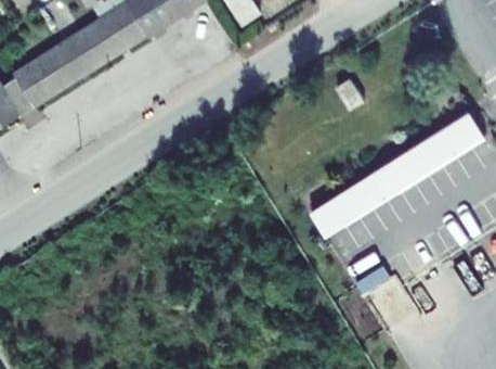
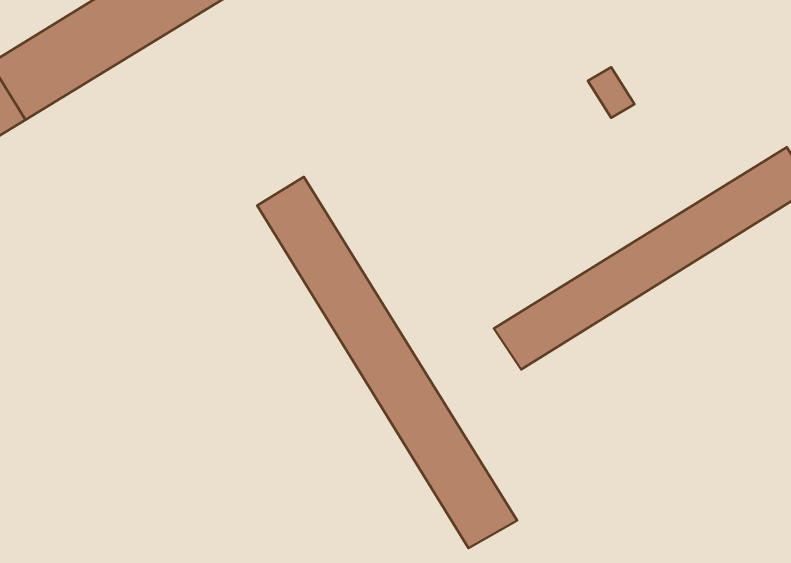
building: none -> [257,177,517,548]

